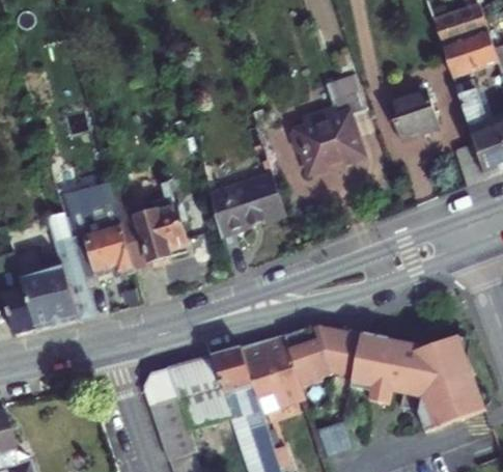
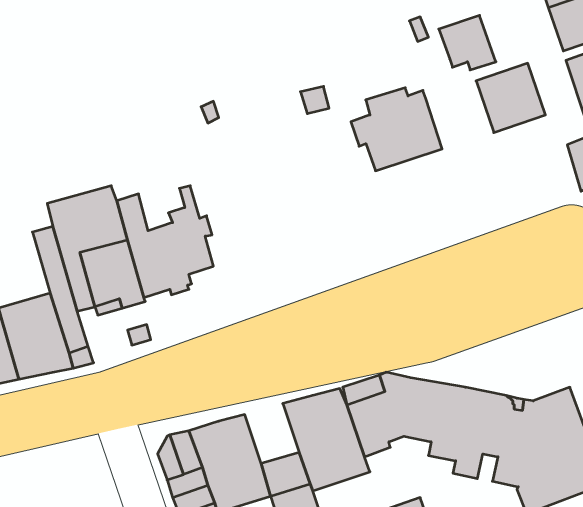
building: [324,73,367,114] -> [439,15,496,70]
building: [207,173,284,233] -> none
building: [209,346,251,392] -> none

